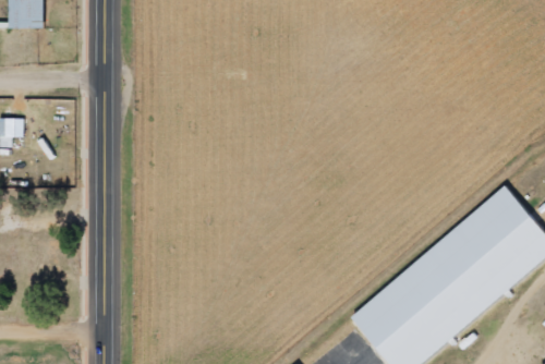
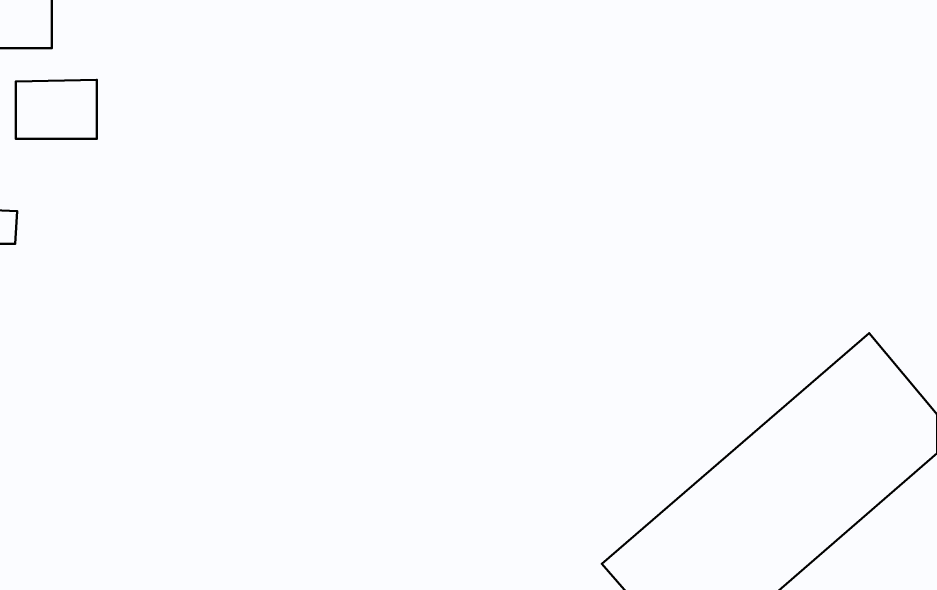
building: none -> [16,80,97,139]

